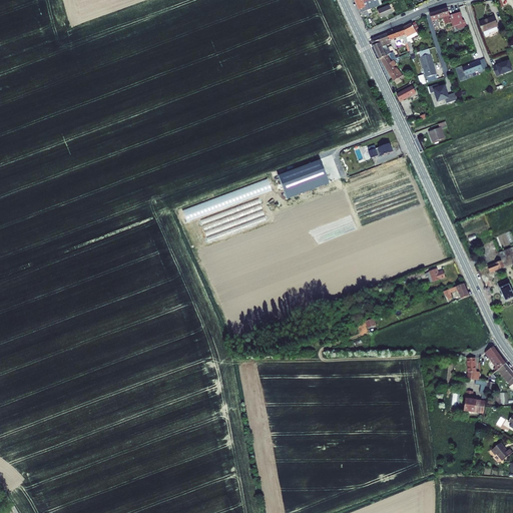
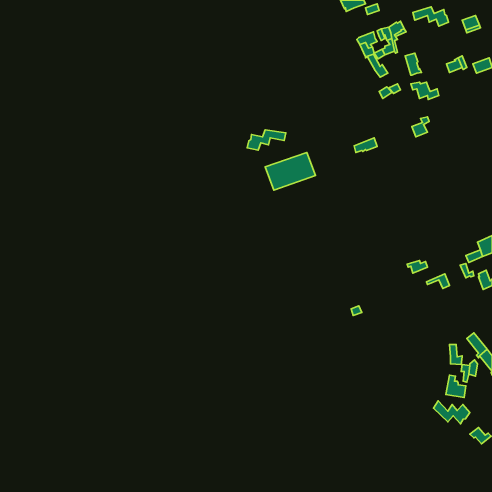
building: none -> [247,130,286,150]
building: none -> [433,401,470,424]

